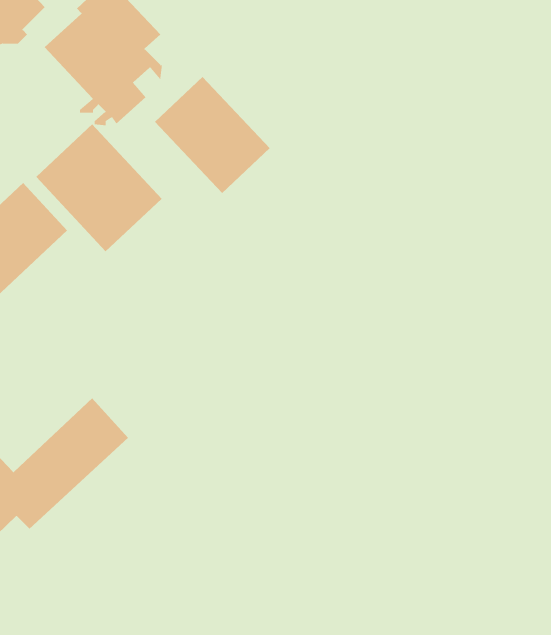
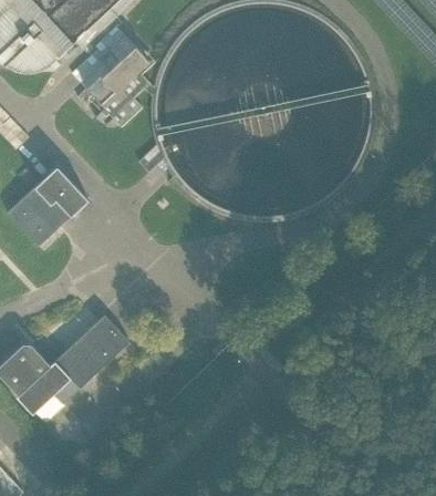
building: [154,76,270,194] -> none
building: [35,124,162,252] -> none

